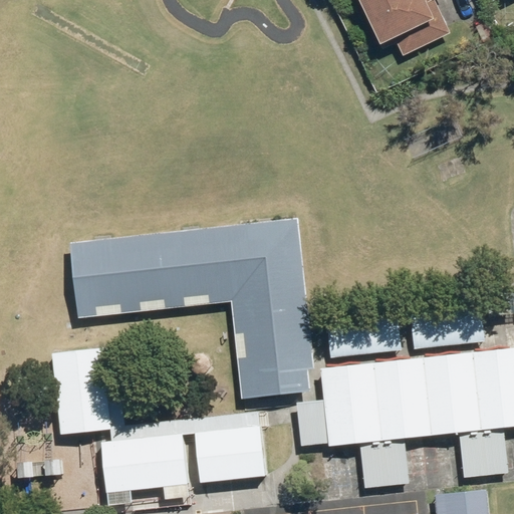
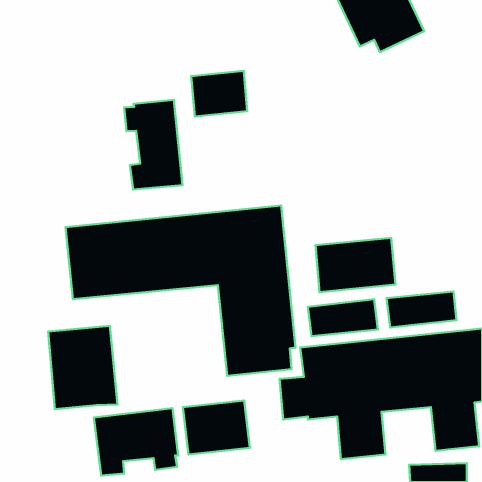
building: none -> [191,71,247,116]
building: none -> [124,100,183,190]
building: none -> [316,238,395,292]

